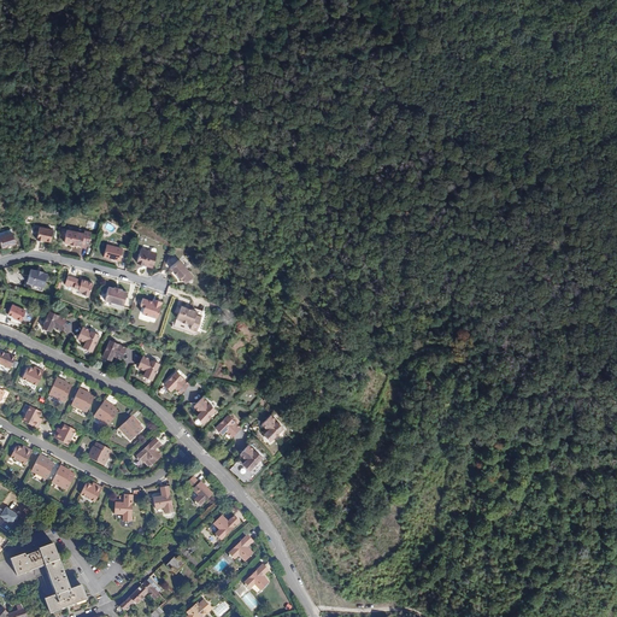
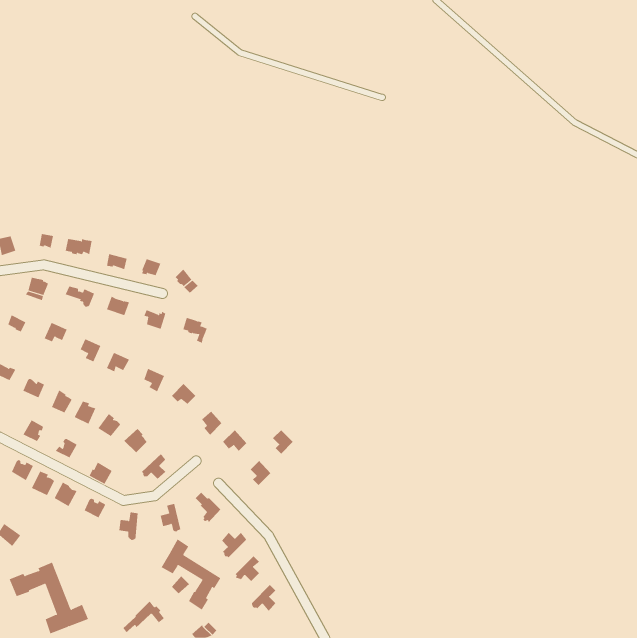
building: none -> [161,538,221,611]

